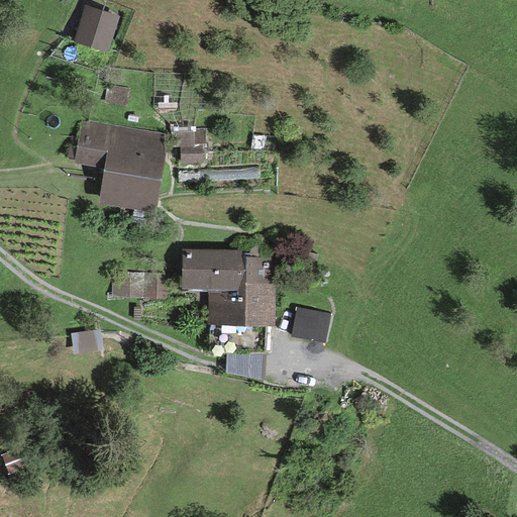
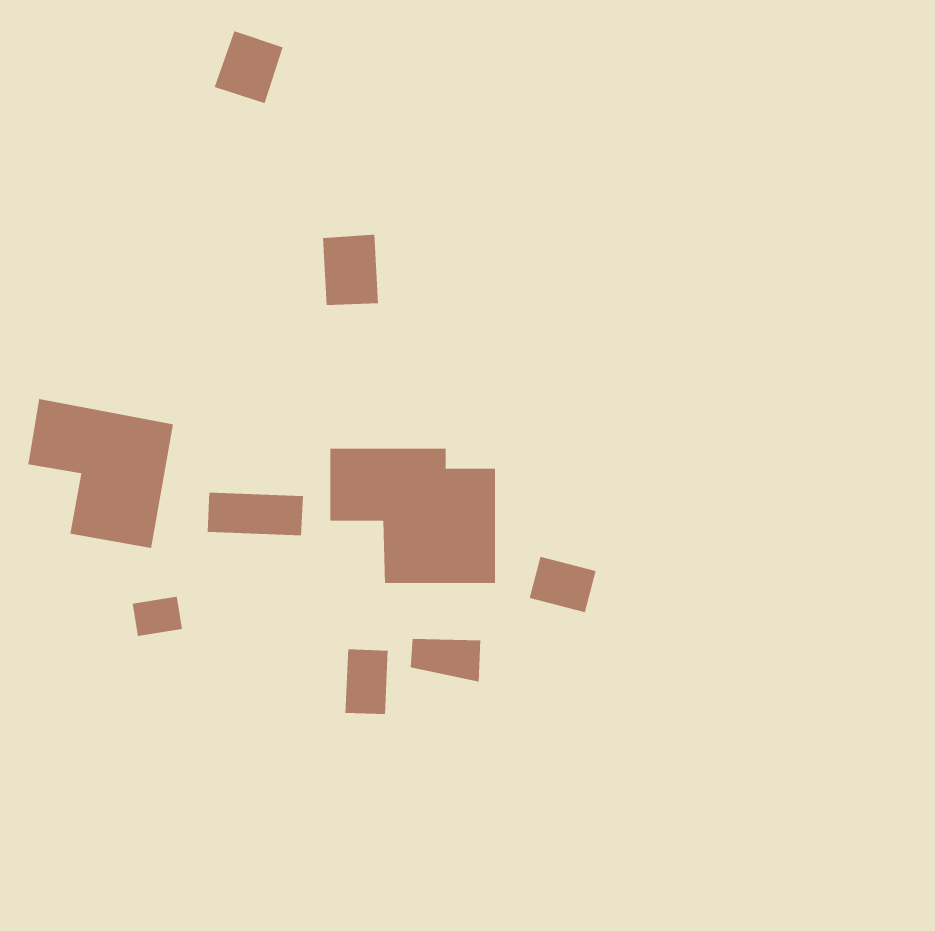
building: [75,9,113,49] -> [214,31,283,104]
building: [78,121,159,204] -> [27,399,174,549]
building: none -> [345,649,388,715]

